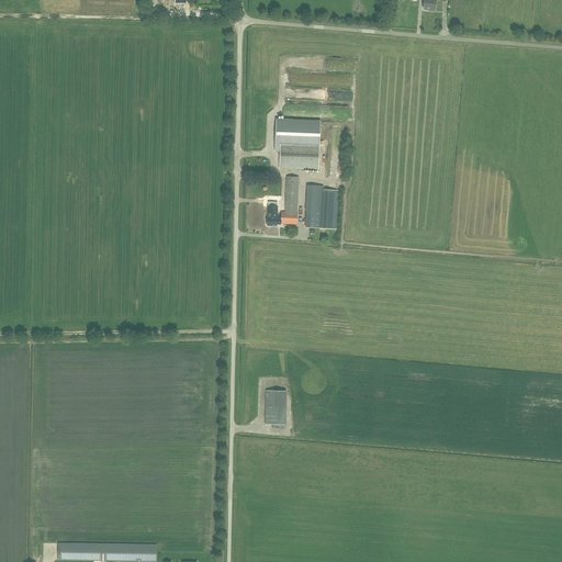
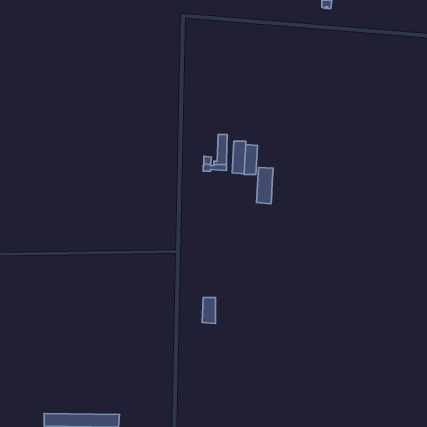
building: [274,119,321,170] -> none
building: none -> [257,168,273,204]

